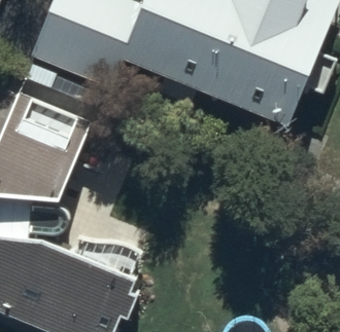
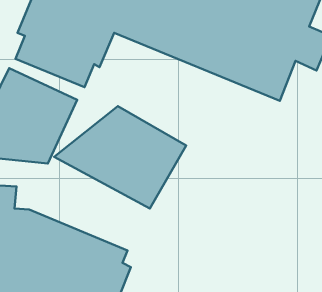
building: none -> [54,106,186,209]

